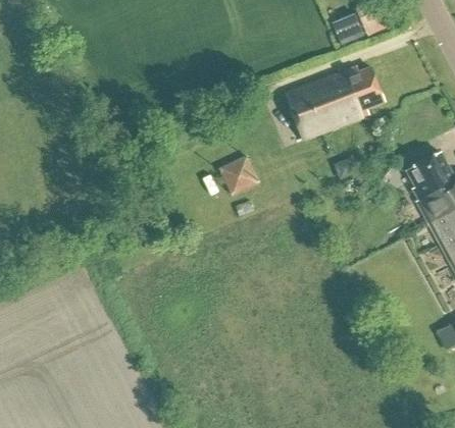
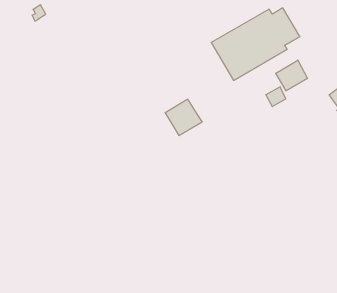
building: none -> [276,60,307,91]

